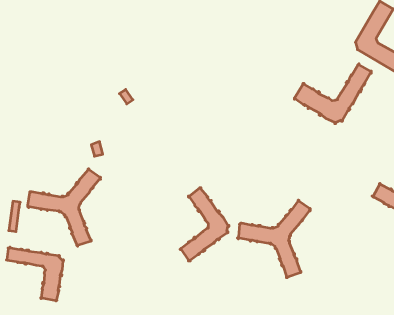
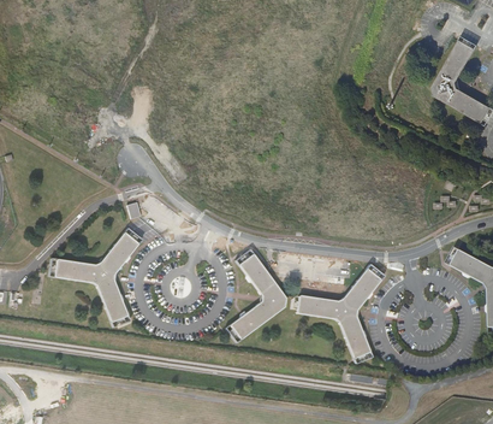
building: [294,64,371,124] -> none
building: [6,247,64,301] -> none

